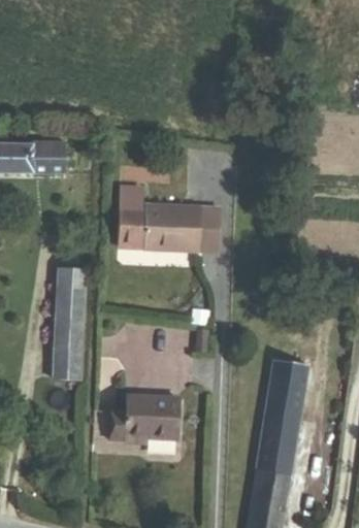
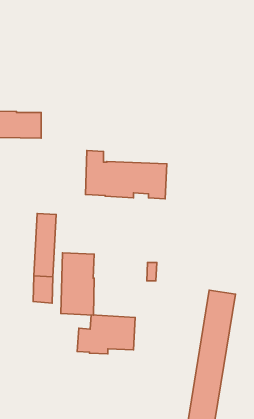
building: none -> [61,253,94,315]

